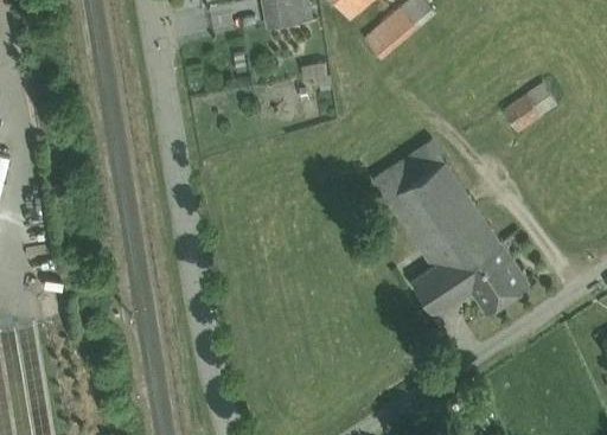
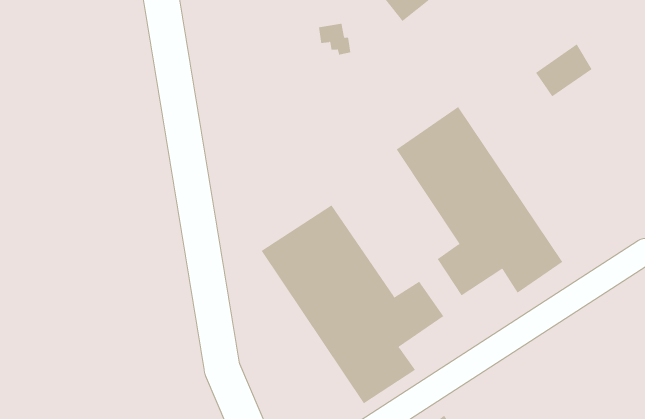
building: none -> [261,205,444,404]

